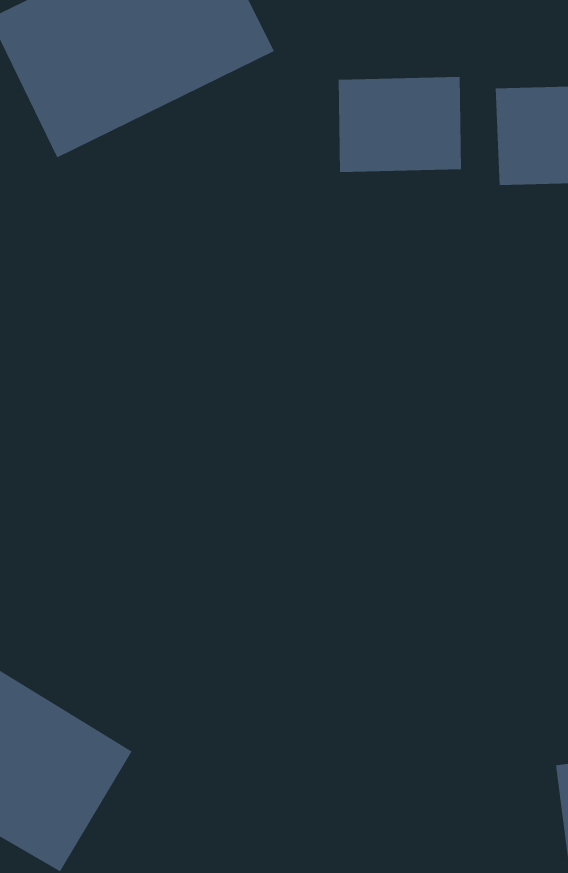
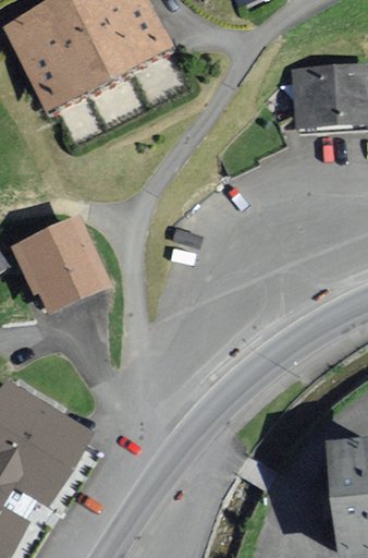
building: [338,76,461,173] -> none
building: none -> [20,227,111,314]

